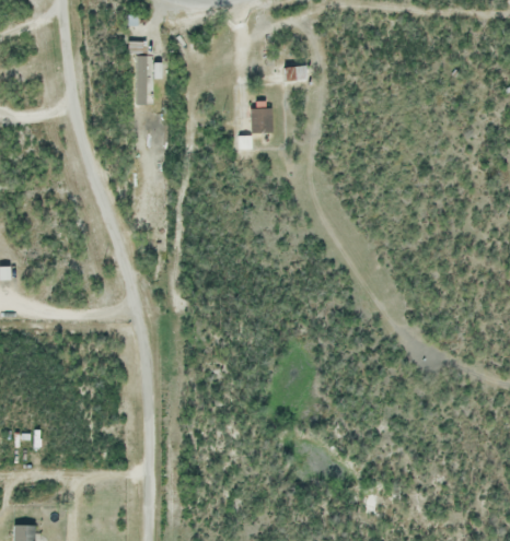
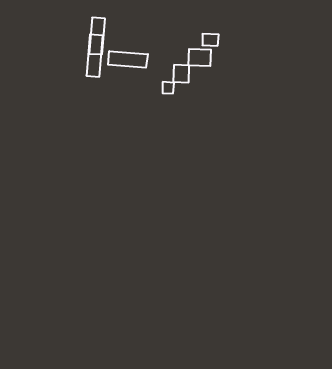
building: none -> [188,49,211,66]
building: none -> [108,51,148,68]

